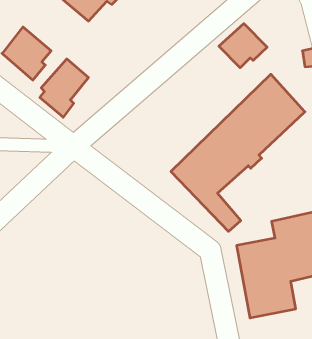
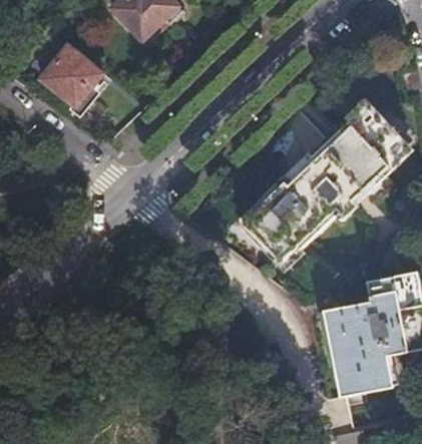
building: [219,24,267,68] -> none
building: [40,59,88,117] -> none

